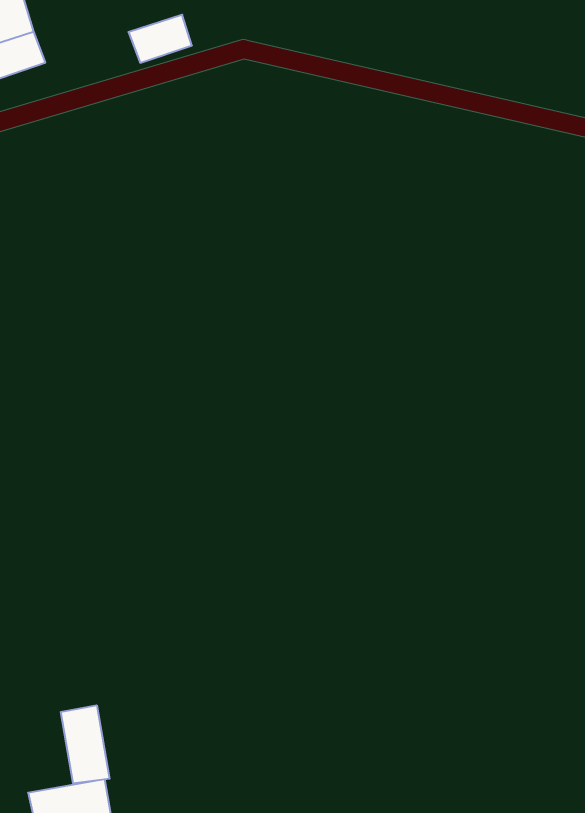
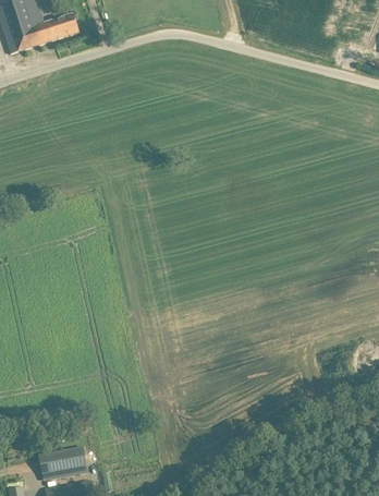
building: [128,15,192,63] -> [41,12,77,39]
building: [61,705,110,784] -> none

